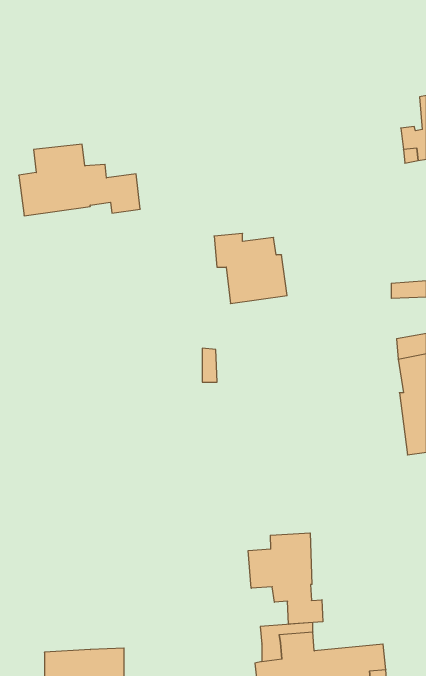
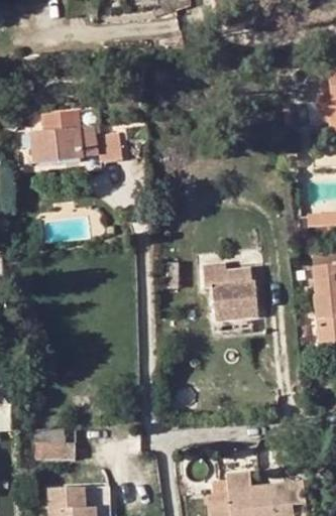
building: [214,233,287,304] -> [204,267,258,319]
building: [248,533,323,624] -> none
building: none -> [35,431,76,460]

